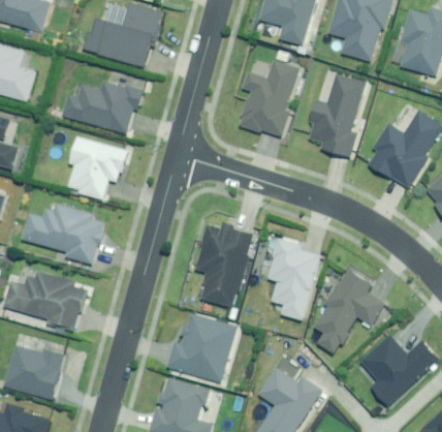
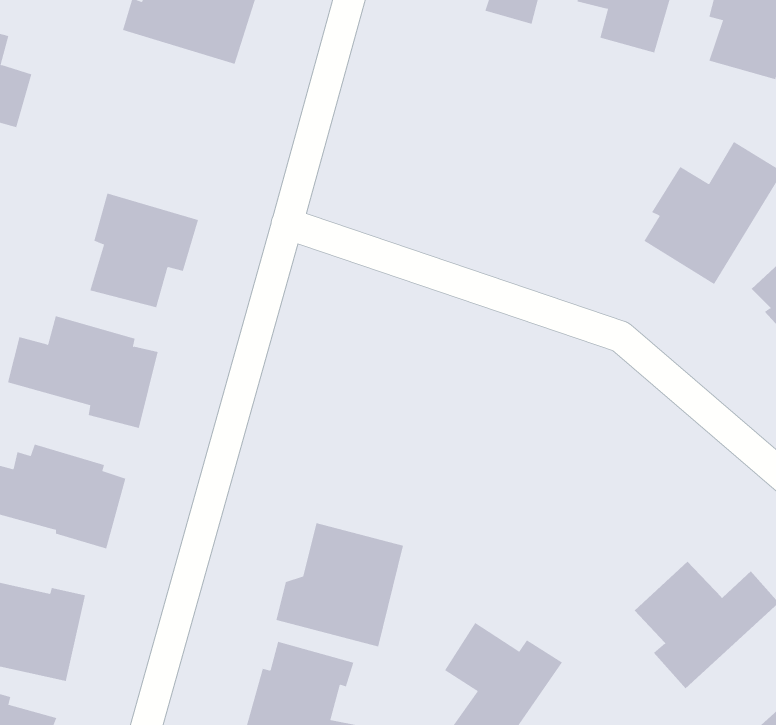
building: [239,50,299,136] -> none
building: [306,72,361,155] -> none
building: [63,82,144,132] -> none
building: [195,225,254,307] -> none
building: [269,240,322,319] -> none
building: [315,268,385,353] -> none

